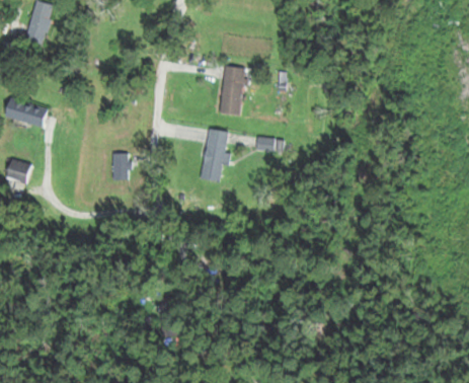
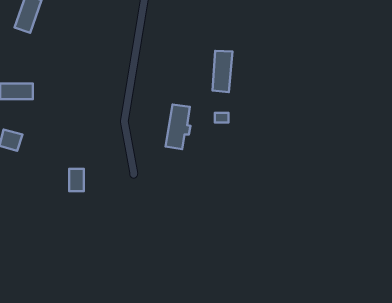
building: [221,67,244,116] -> [212,51,232,92]
building: [112,153,130,179] -> [69,169,84,191]

